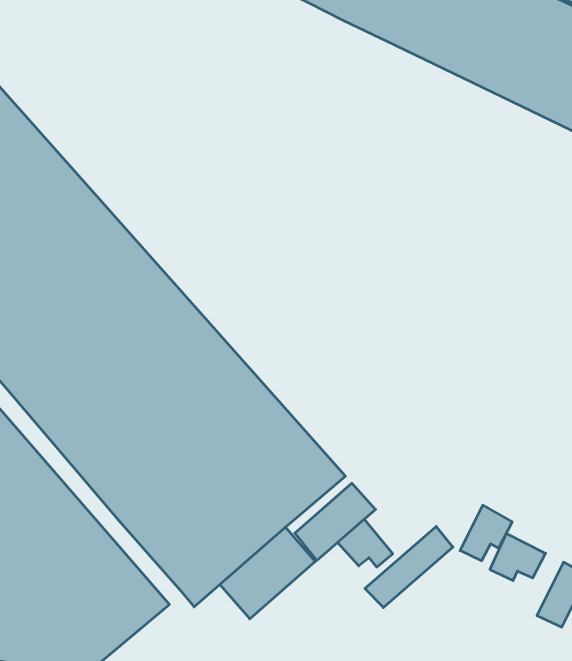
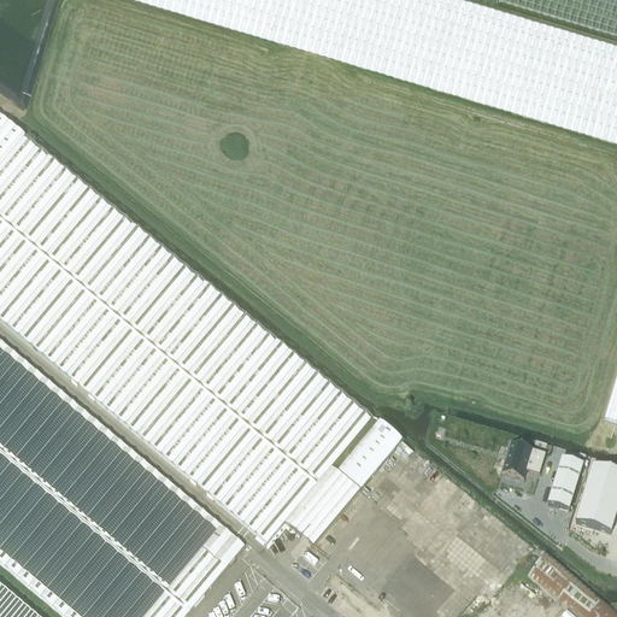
building: [460,505,512,561] -> none
building: [338,519,393,567] -> none
building: [365,526,453,608] -> none

